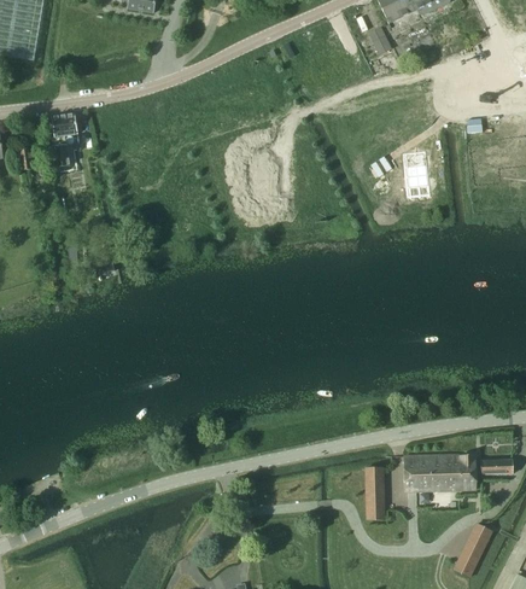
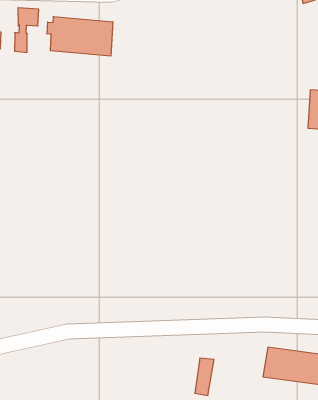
building: none -> [47,16,113,56]
building: [366,466,382,508] -> [195,358,214,395]

